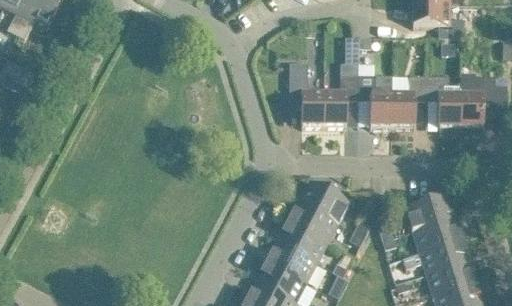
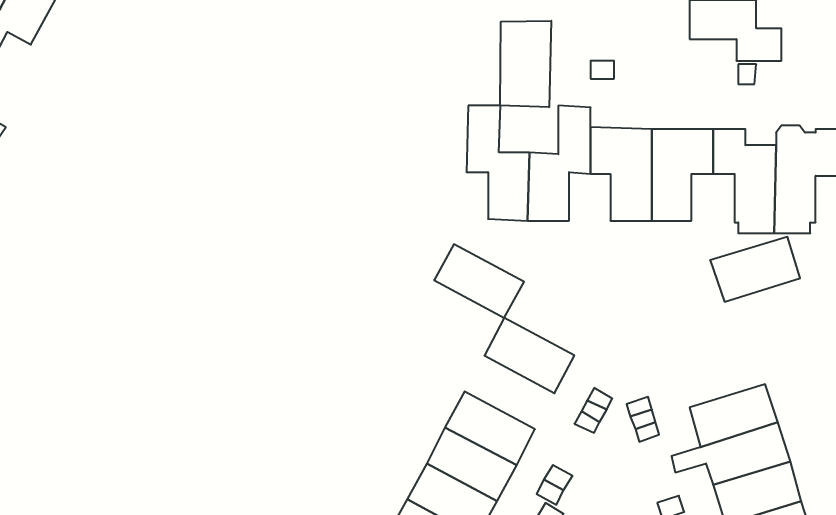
building: none -> [500,21,551,107]
building: [404,195,454,231] -> [710,237,800,302]
building: [287,202,337,243] -> [434,244,524,318]

